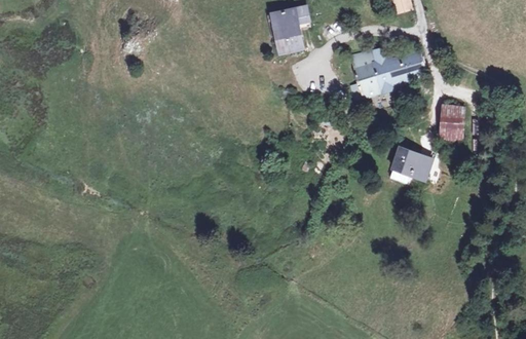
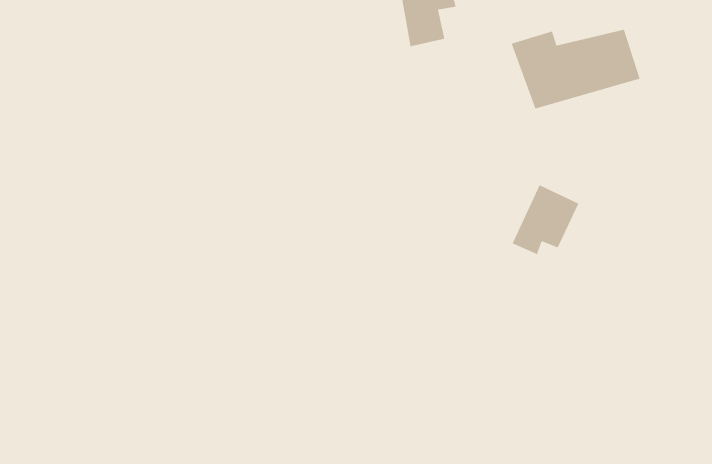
building: [433,105,458,138] -> none
building: [385,146,428,191] -> [512,184,579,255]

